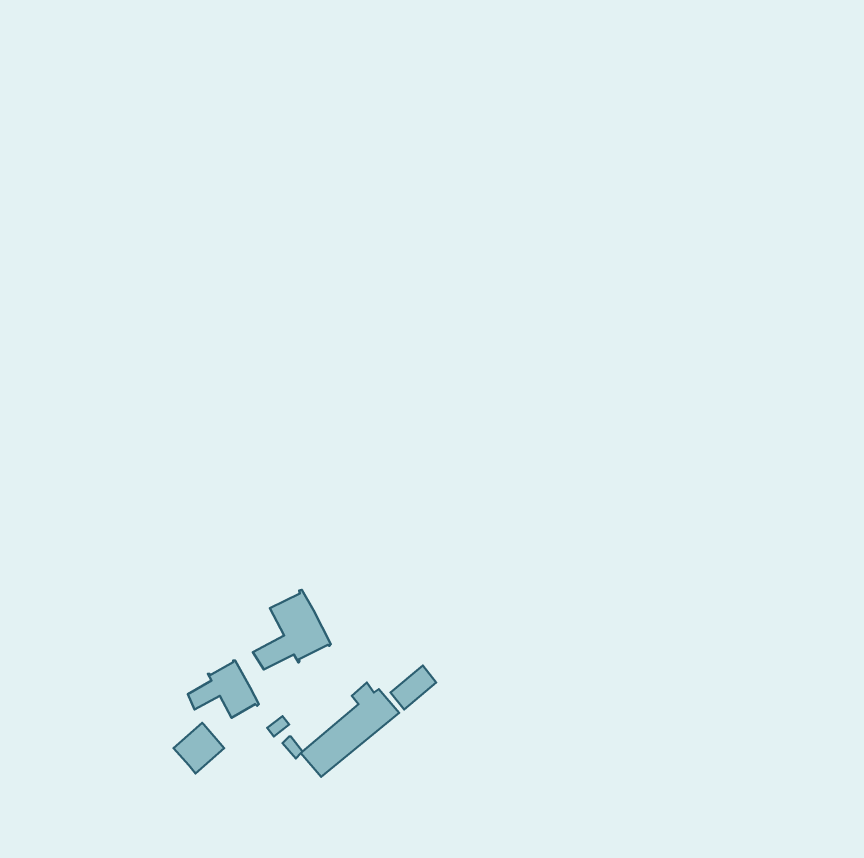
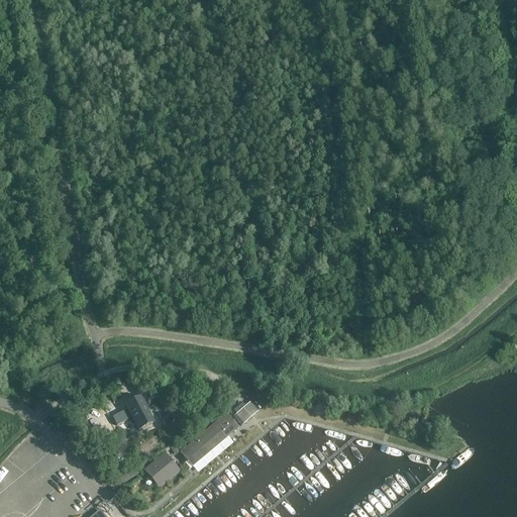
building: [253,590,331,669] -> none
building: [173,723,224,774] -> [146,453,177,484]

